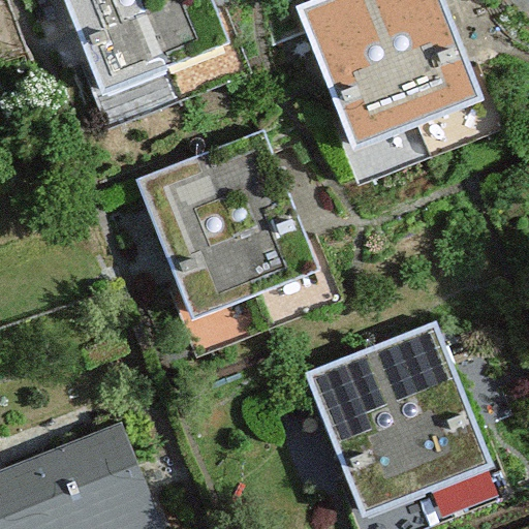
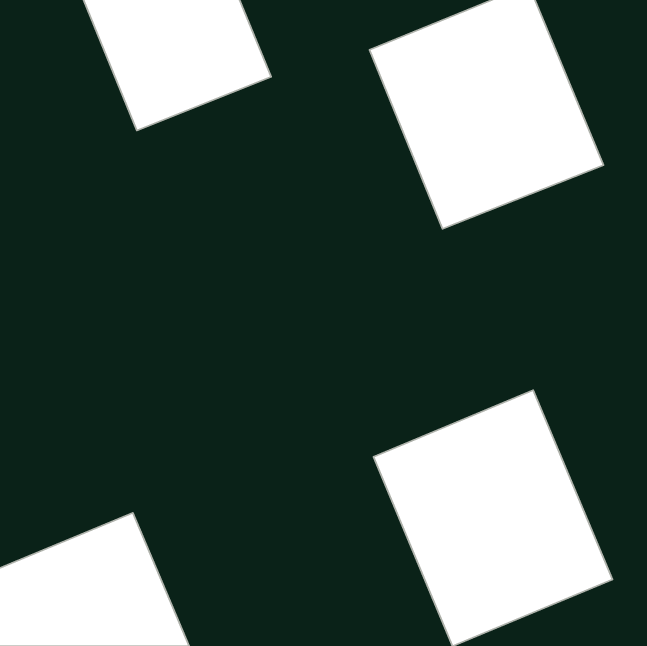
building: [141,149,313,337] -> none

